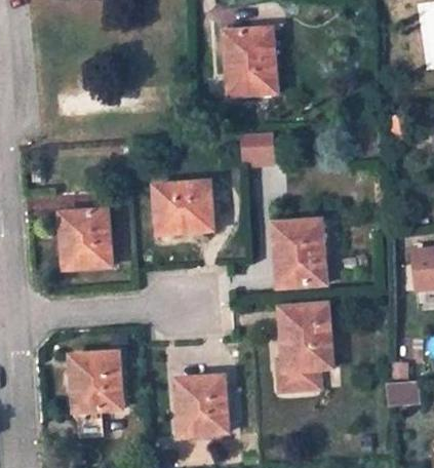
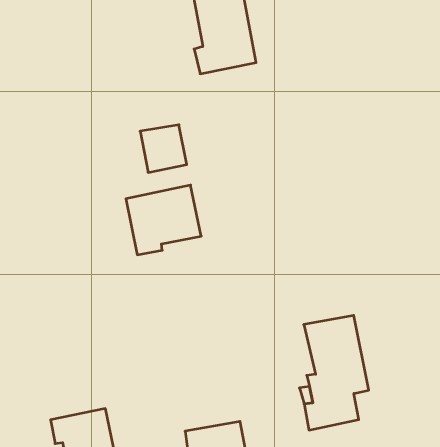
building: [238,131,272,166] -> [140,125,187,172]
building: [64,212,112,269] -> none
building: [275,222,325,286] -> none

